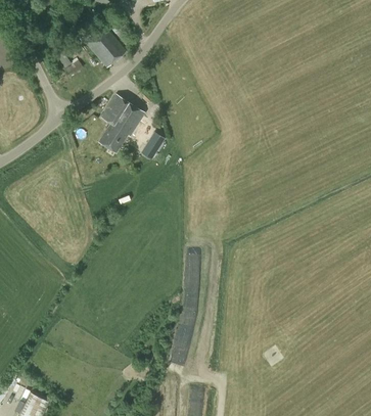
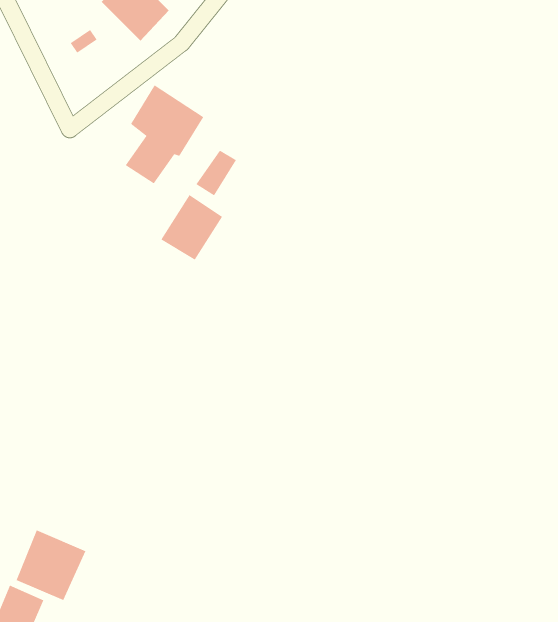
building: none -> [160,194,223,260]
building: none -> [16,529,86,601]

